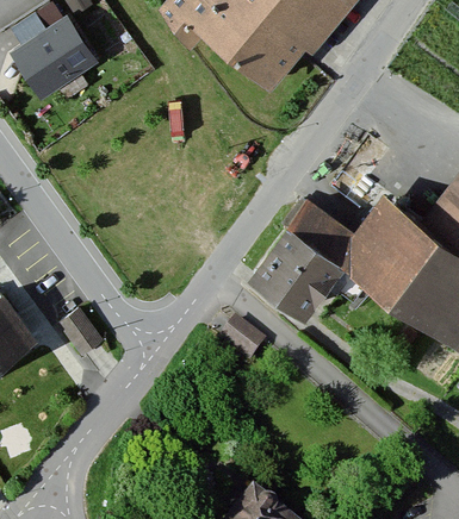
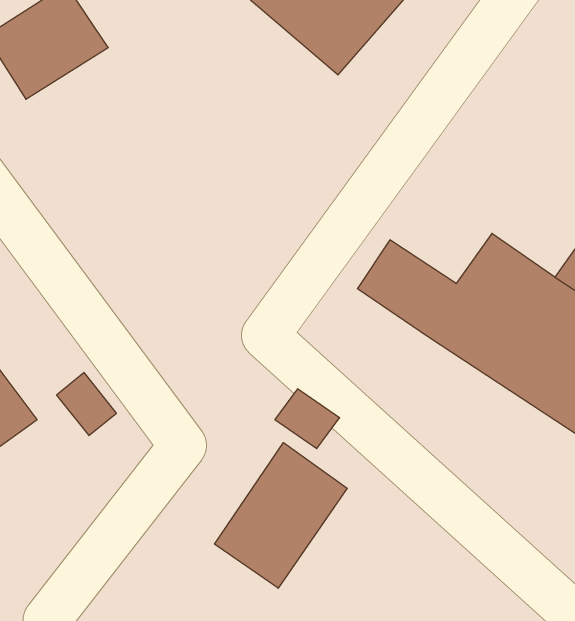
building: [250,240,334,321] -> none
building: none -> [214,443,347,588]

